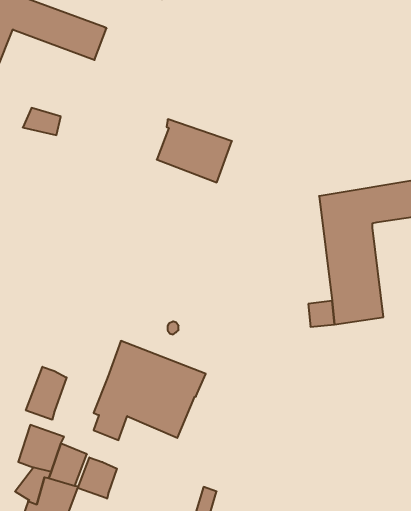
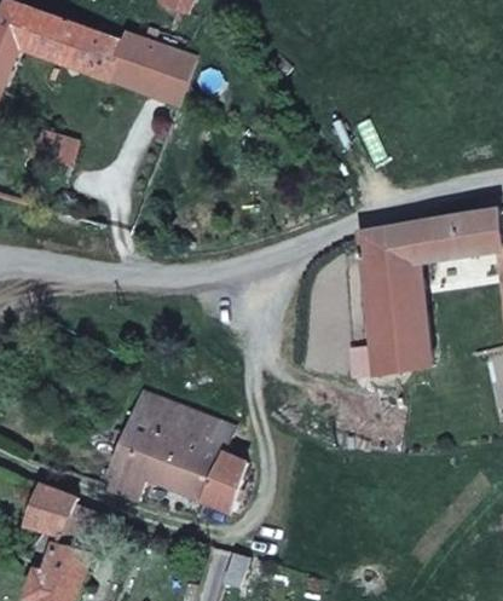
building: [157,119,232,182] -> [110,34,193,104]
building: [26,367,67,420] -> none
building: none -> [202,452,244,510]
building: [78,457,117,499] -> none

